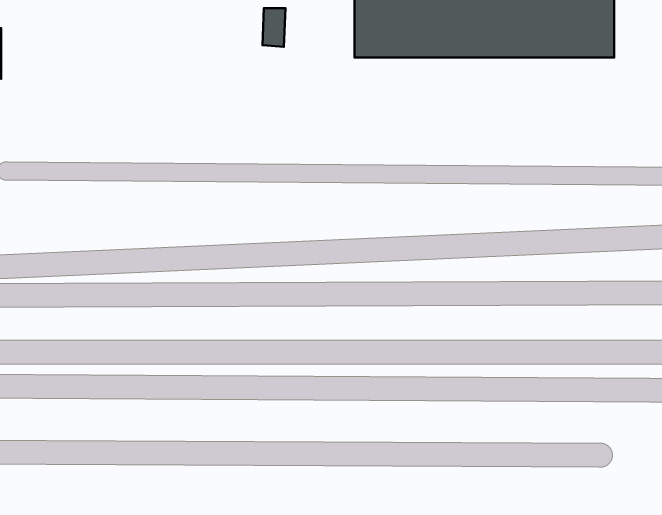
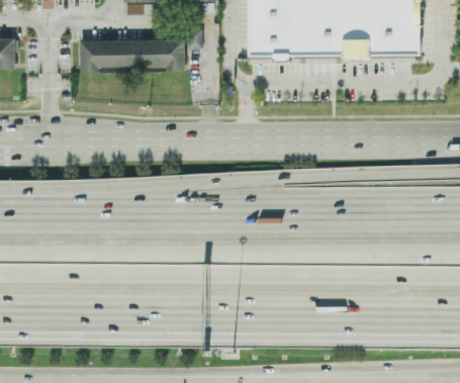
building: none -> [80,37,185,72]

